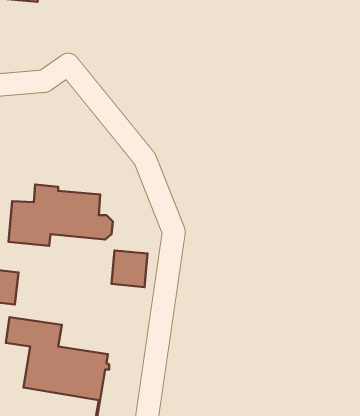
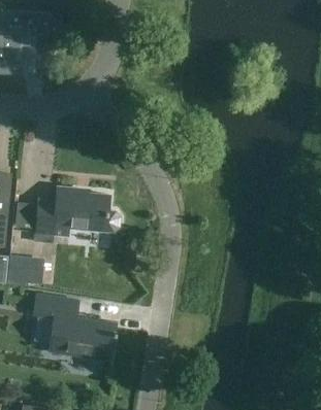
building: [112,250,148,287] -> none

